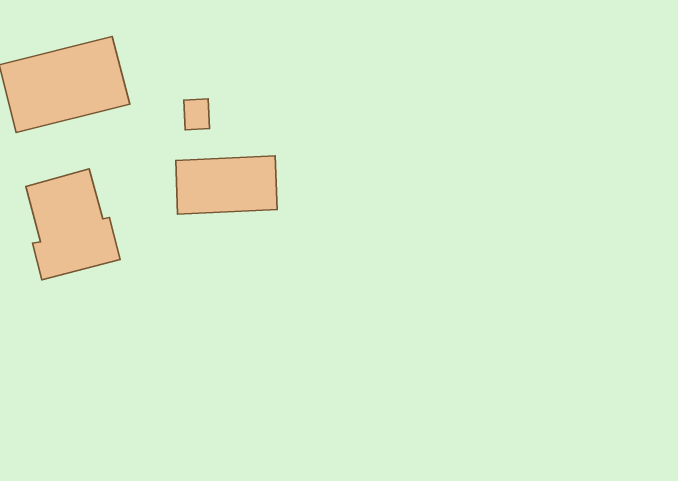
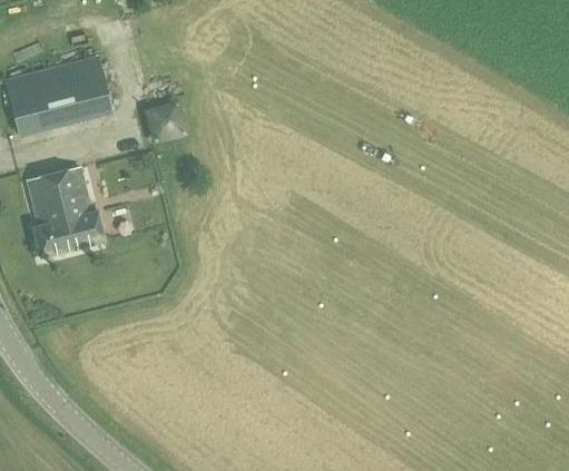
building: [176,156,277,214] -> none

